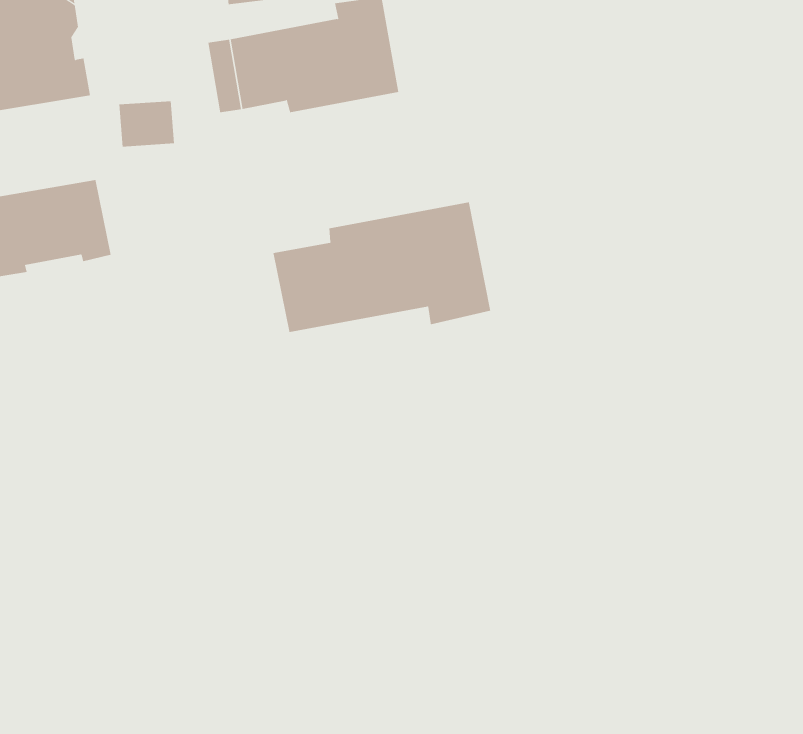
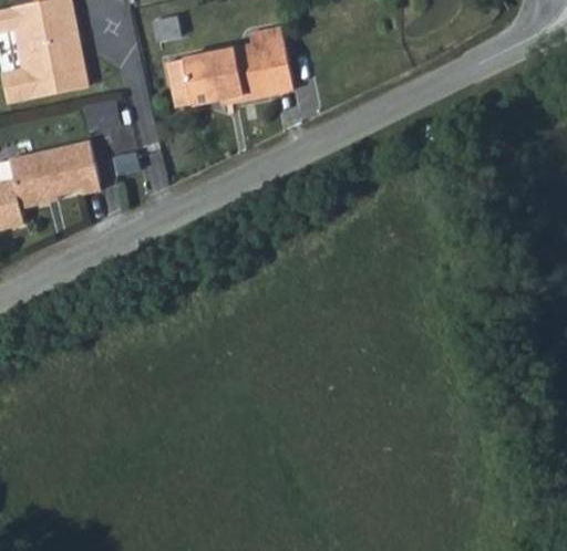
building: [273,201,491,333] -> none

